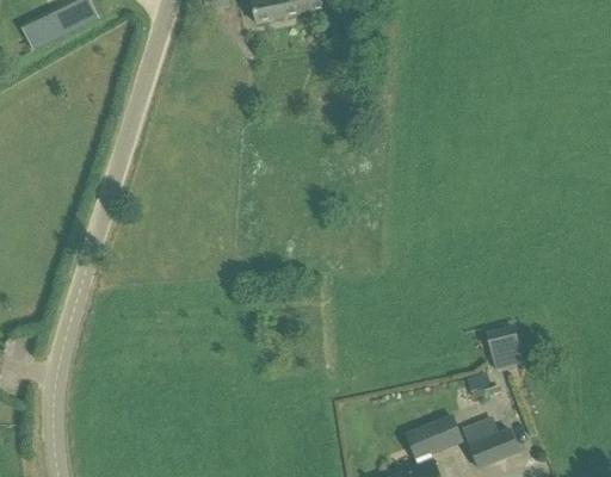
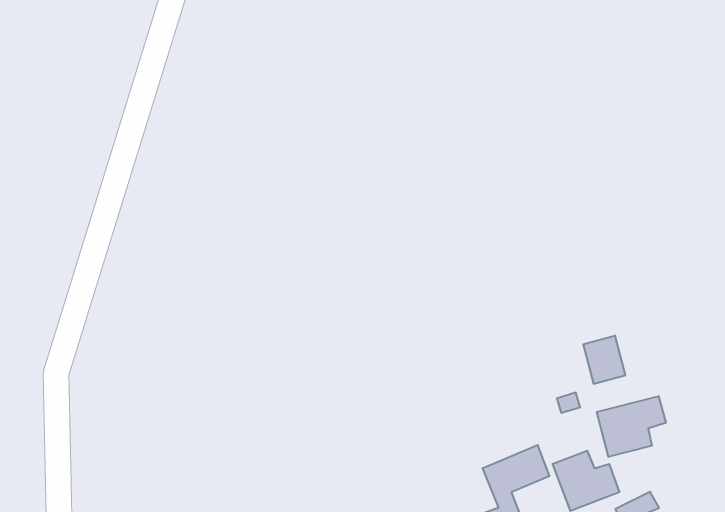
building: none -> [597,396,666,457]

